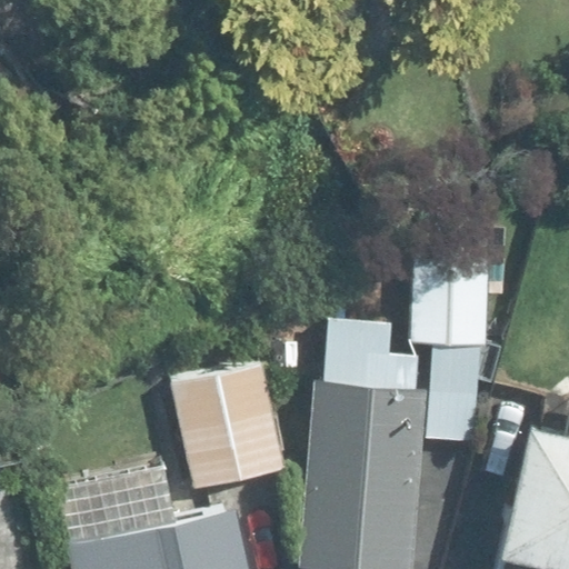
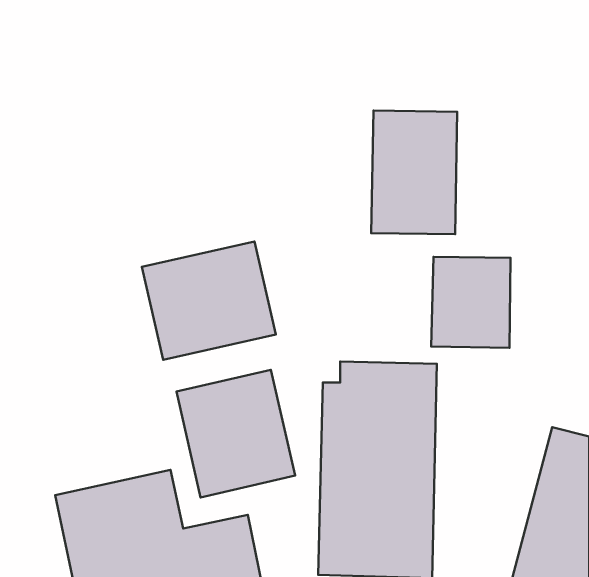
building: none -> [371,111,457,234]
building: none -> [142,241,276,360]

